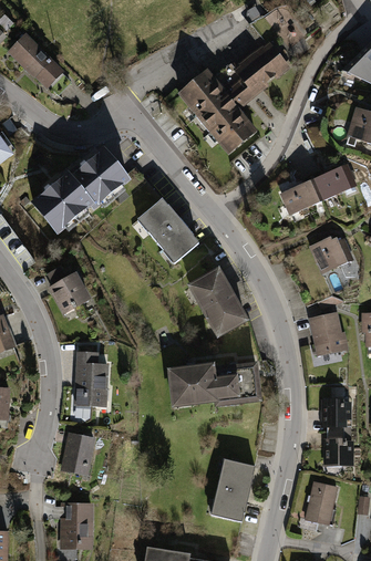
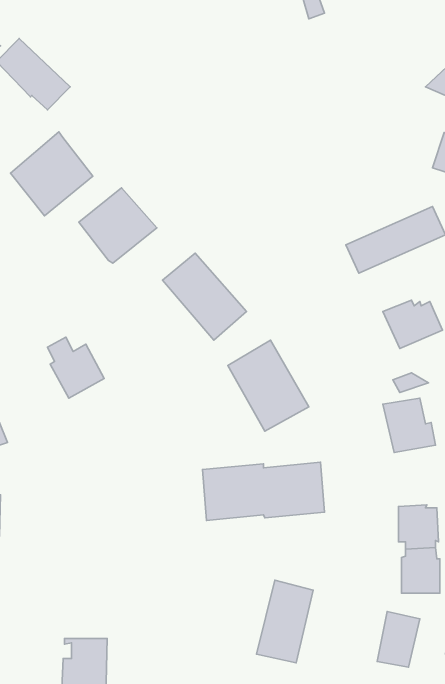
building: [177,41,289,155] -> none
building: [30,172,94,237] -> [10,132,93,216]
building: [74,351,109,406] -> none
building: [60,432,95,477] -> none

